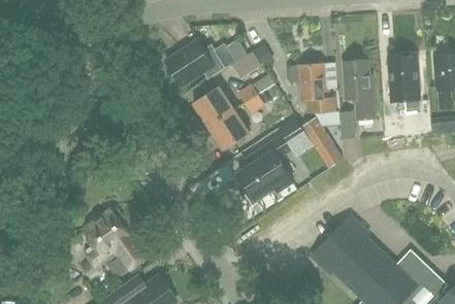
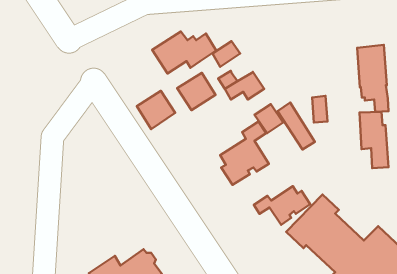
building: [345,60,376,121] -> [360,112,388,168]
building: [288,63,336,113] -> none
building: [209,109,251,150] -> [137,91,175,129]
building: none -> [254,186,310,225]
building: [83,208,143,278] -> none

